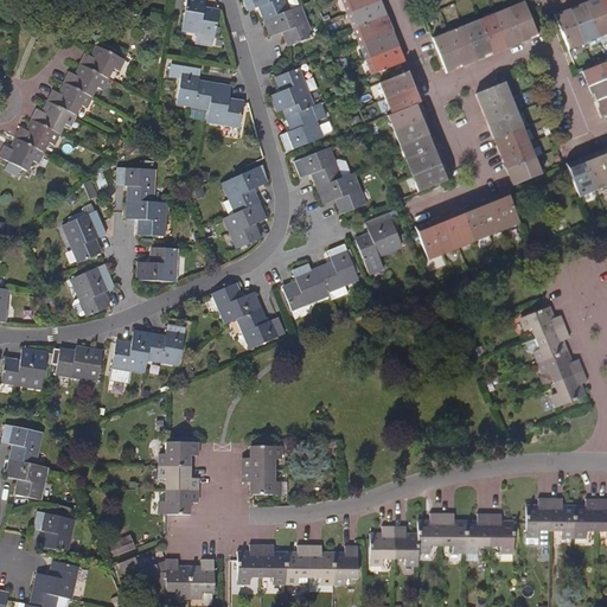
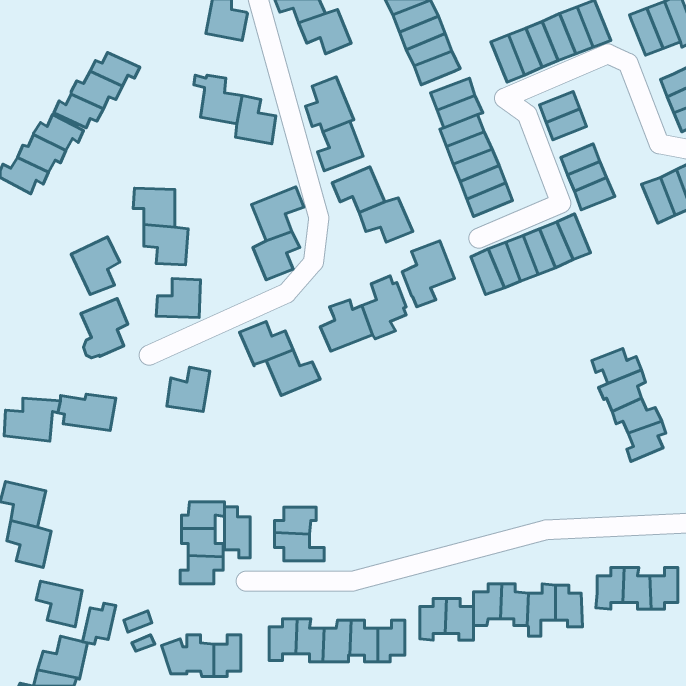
building: [488,111,524,139] -> none
building: [110,331,152,382] -> none
building: none -> [225,507,250,558]
building: none -> [83,603,116,644]

